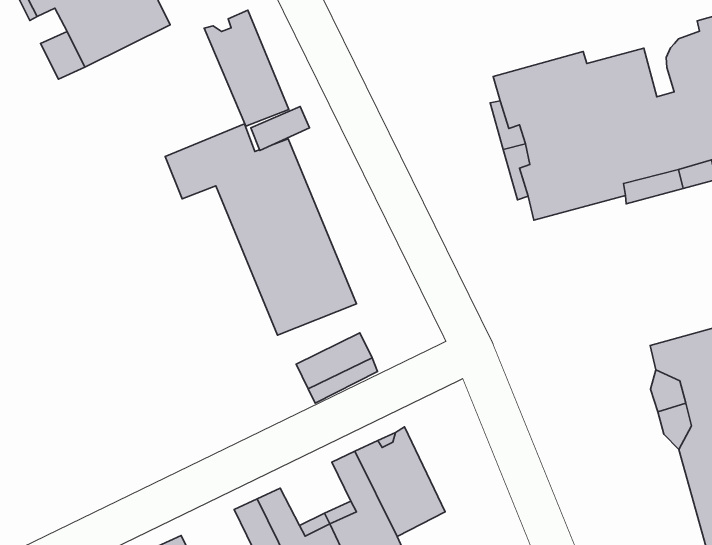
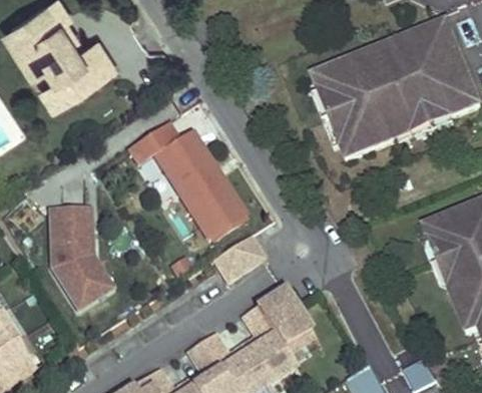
building: [204,10,289,126] -> none
building: none -> [363,27,433,75]
building: none -> [50,205,97,301]

